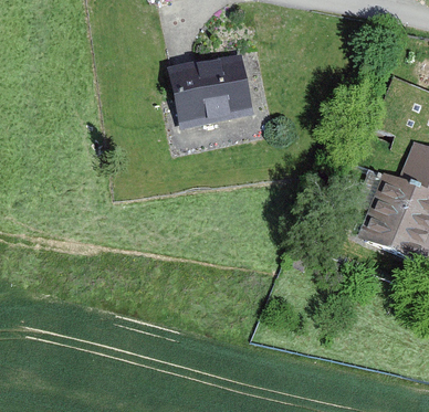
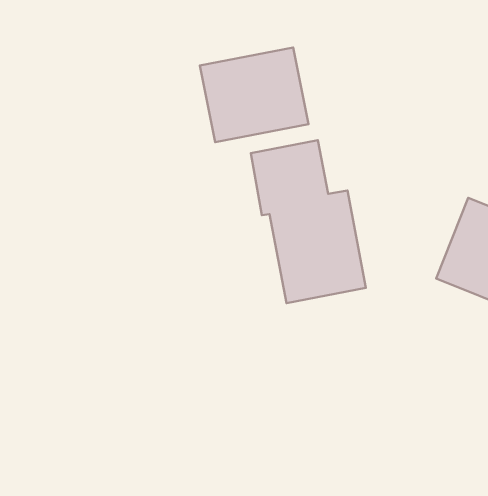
building: none -> [251,140,366,303]

